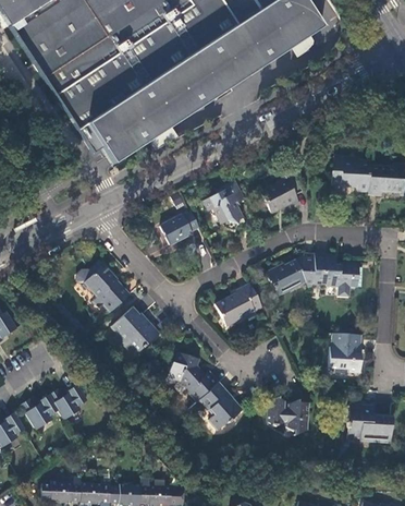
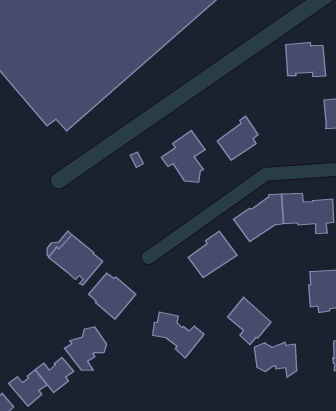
building: [332,157,371,193] -> [285,43,326,76]
building: [162,213,200,244] -> none
building: none -> [64,327,106,370]
building: [202,383,245,431] -> [228,297,271,345]

